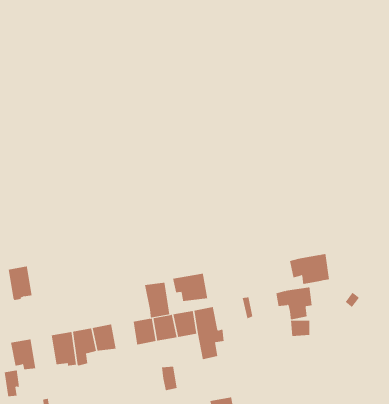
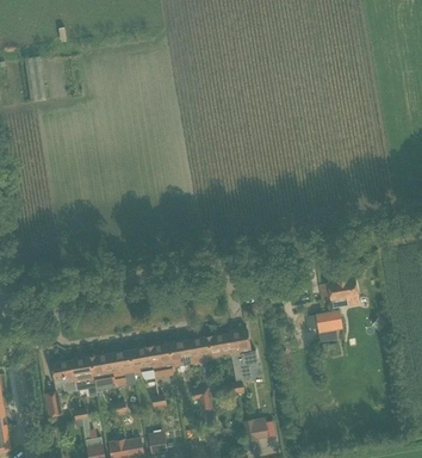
building: [8,266,33,300] -> [70,358,94,391]
building: [172,273,208,302] -> none
building: [144,282,170,318] -> [148,345,173,379]

